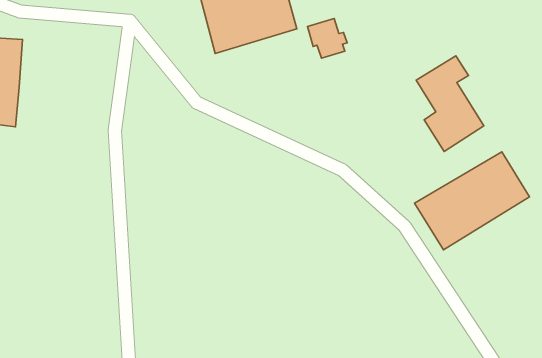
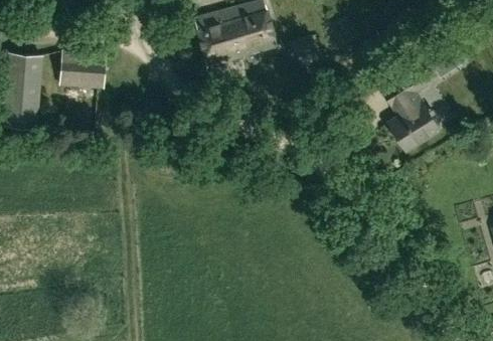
building: none -> [58,50,105,90]
building: [414,152,529,250] -> none

